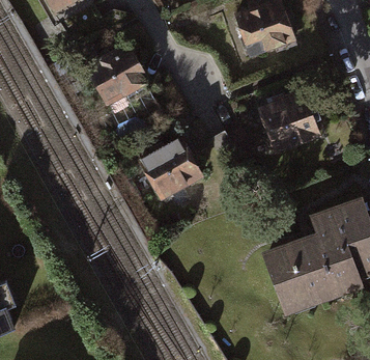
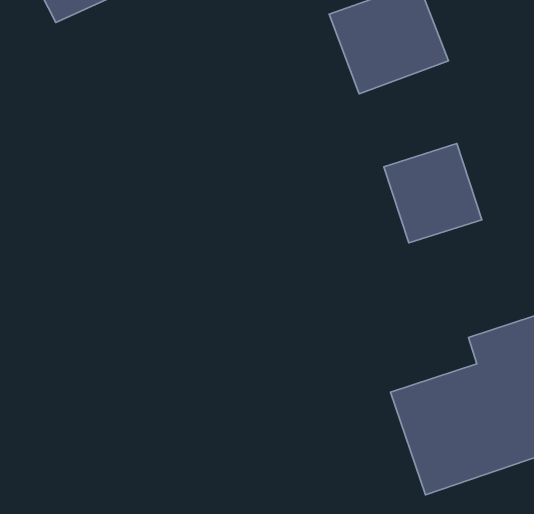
building: [86,44,150,111] -> none
building: [140,140,204,203] -> none

